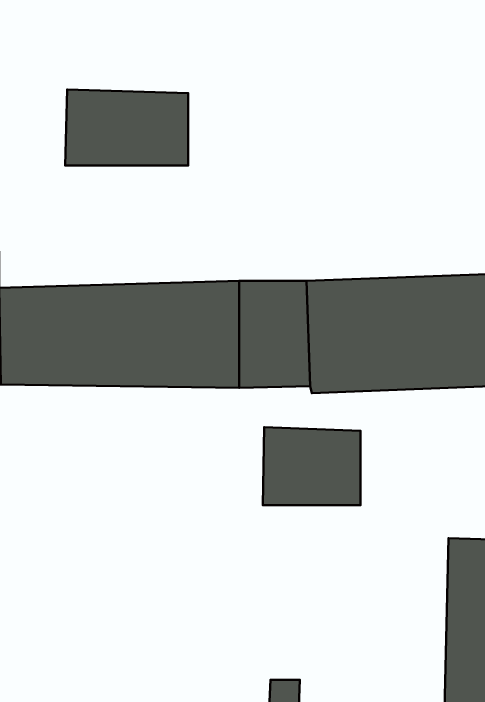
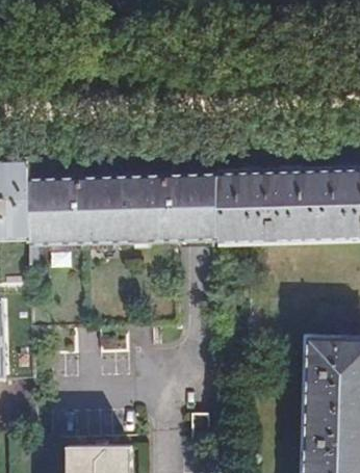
building: [65,89,188,166] -> none
building: [263,427,361,505] -> none

